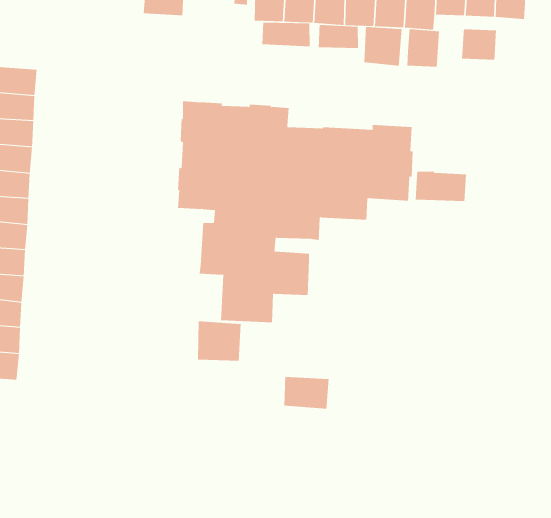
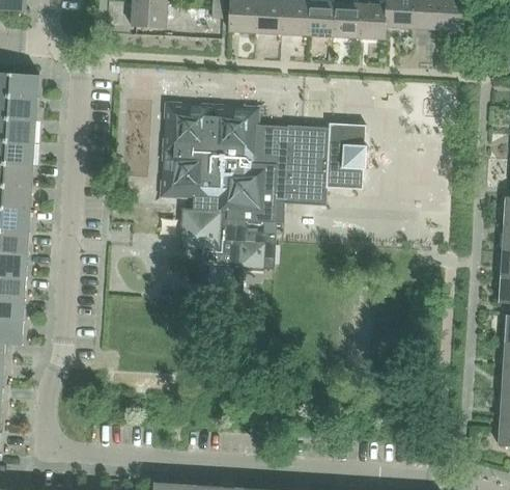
building: [262,22,310,47] -> none
building: [318,24,359,49] -> none
building: [364,26,402,66] -> none
building: [407,28,440,68] -> none
building: [462,29,496,60] -> none
building: [415,171,466,202] -> none
building: [197,321,241,361] -> none
building: [284,376,329,409] -> none

